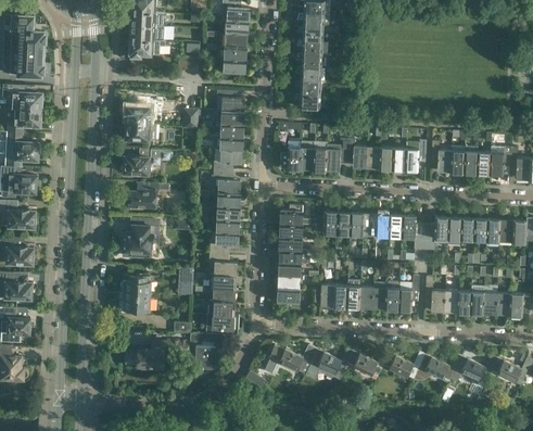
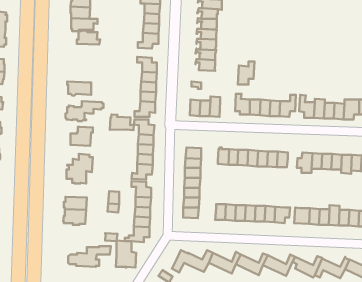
building: [125,106,155,125] -> [77,31,100,44]
building: [326,140,347,170] -> [238,61,254,85]
building: none -> [110,115,134,130]

